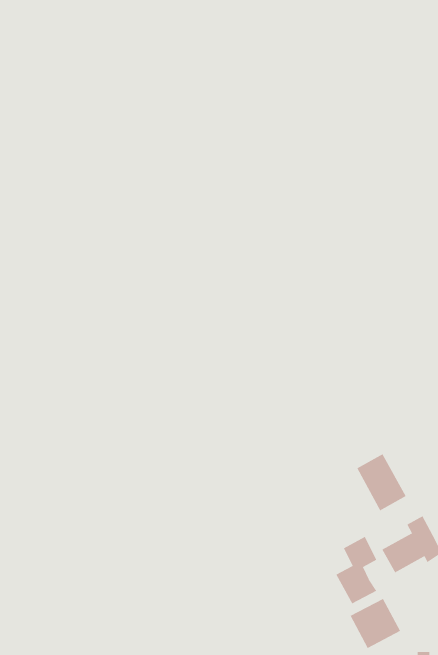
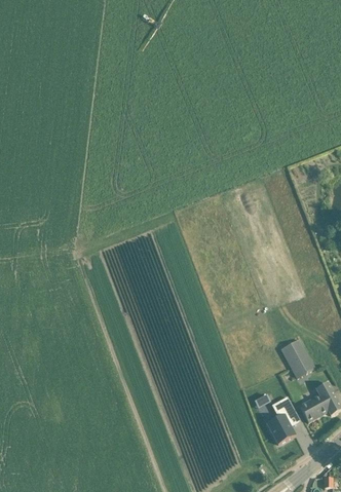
building: [350,598,401,649] -> none

